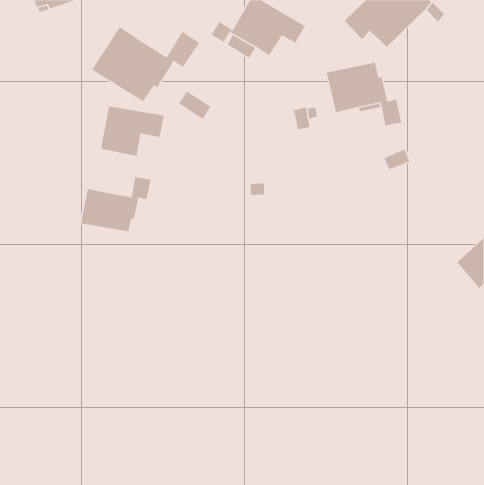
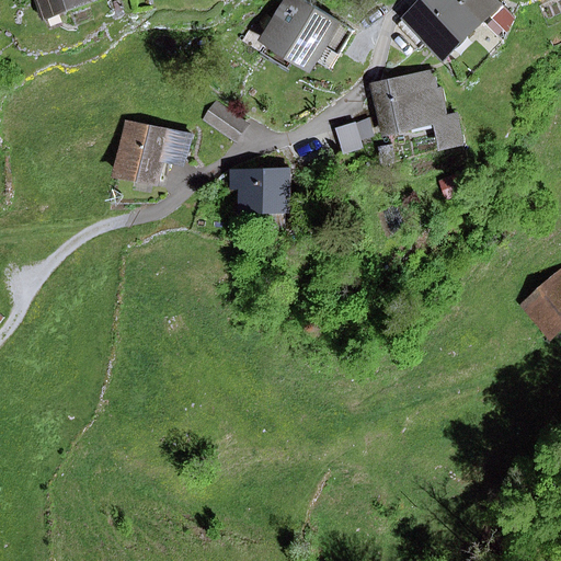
building: [91,26,200,102] -> none
building: none -> [230,168,287,227]
building: [80,176,151,232] -> none

